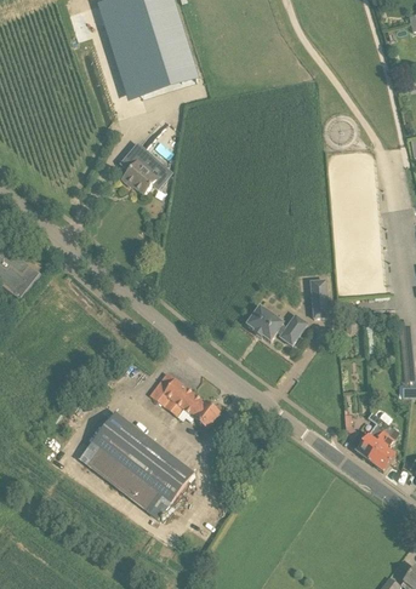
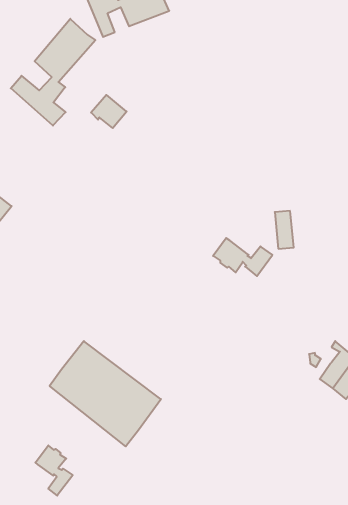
building: none -> [11,19,95,126]
building: [148,371,217,427] -> none
building: none -> [35,445,73,496]

